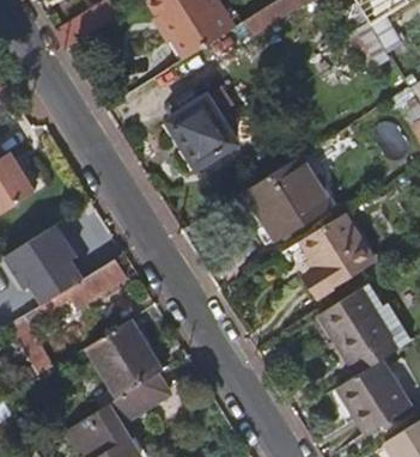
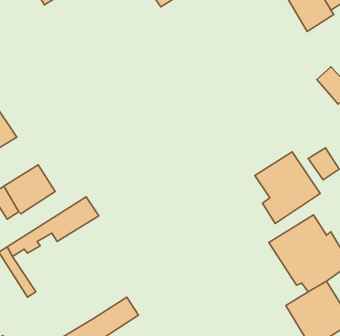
building: [169,99,236,167] -> none
building: [243,157,329,238] -> none
building: [90,323,164,401] -> none

